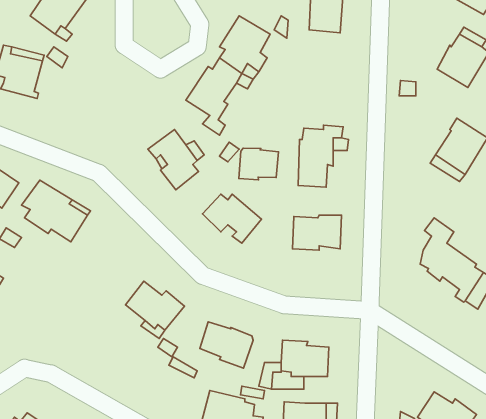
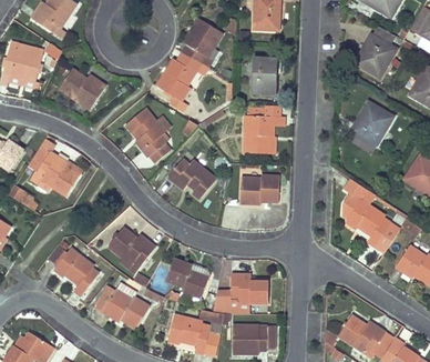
building: none -> [252,57,277,93]
building: none -> [59,68,105,109]
building: [239,148,279,180] -> none
building: none -> [54,248,99,295]
building: none -> [96,282,150,329]

